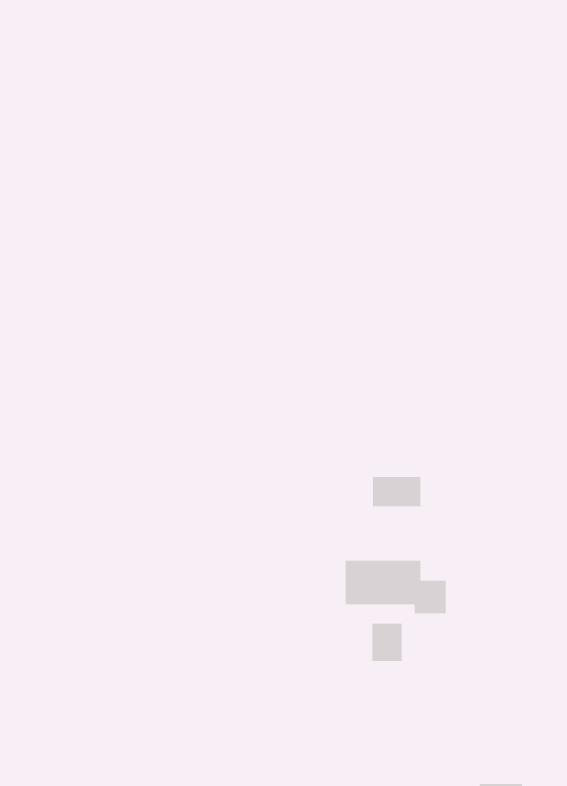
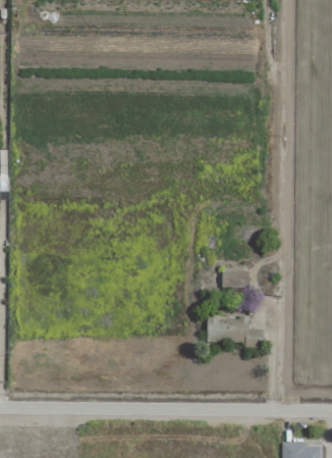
building: [371,623,403,662] -> none

